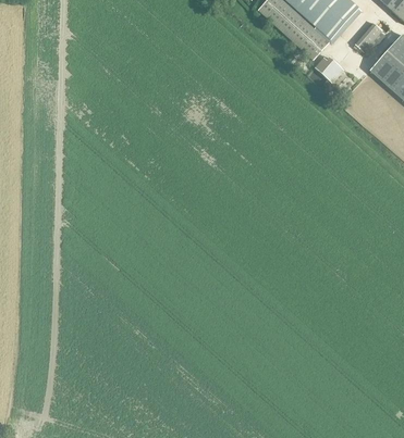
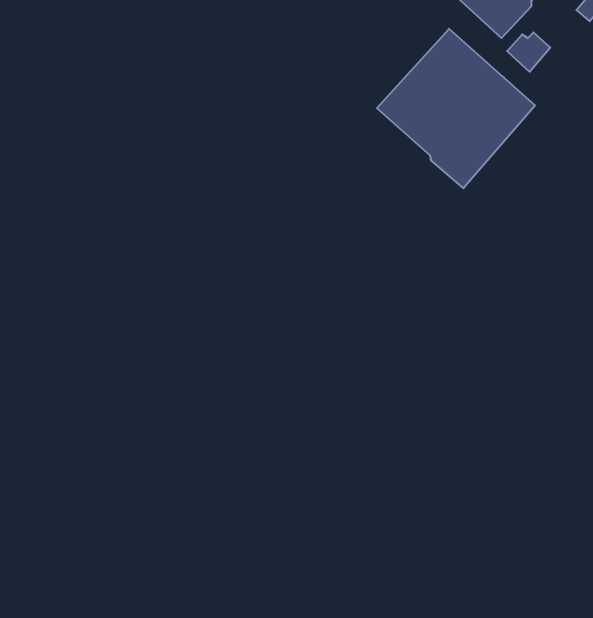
building: none -> [377,29,535,188]

